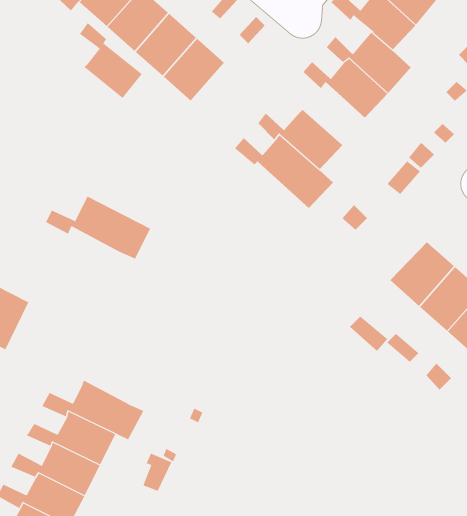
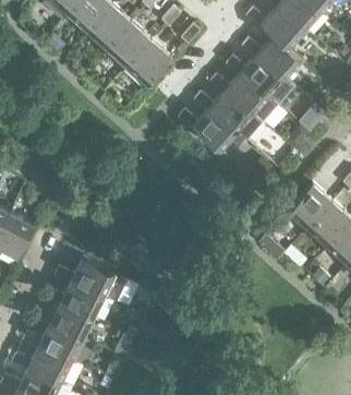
building: [79,22,142,99] -> none
building: none -> [208,70,278,122]
building: [45,196,151,259] -> [52,256,126,301]

